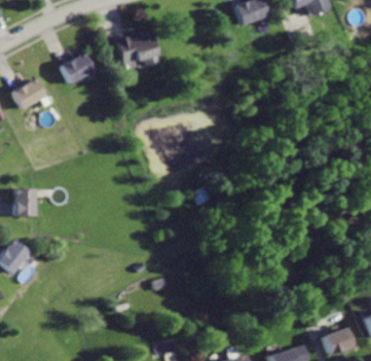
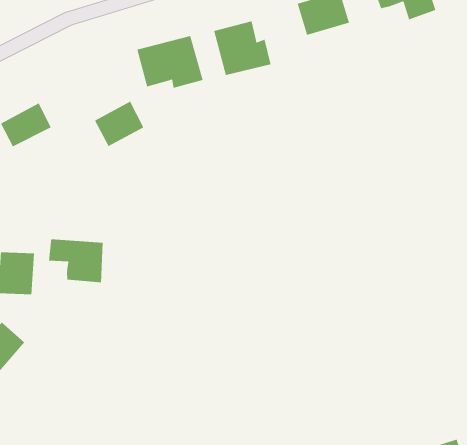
building: none -> [214,21,271,76]
building: [59,52,96,86] -> [94,101,144,147]
building: none -> [48,239,103,283]

